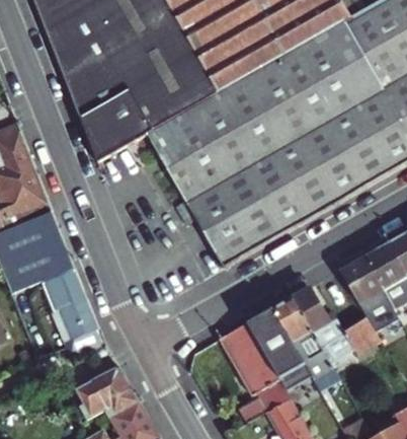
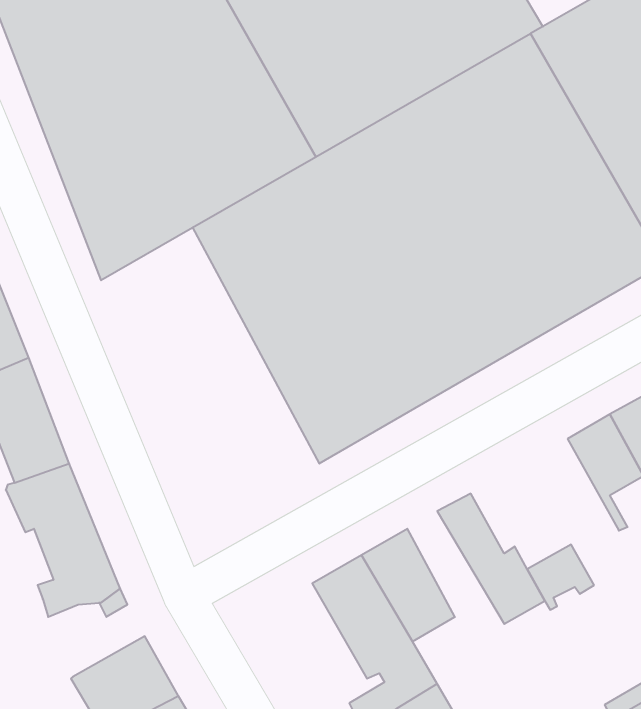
building: [338,254,393,312] -> none
building: [271,296,334,378] -> none

